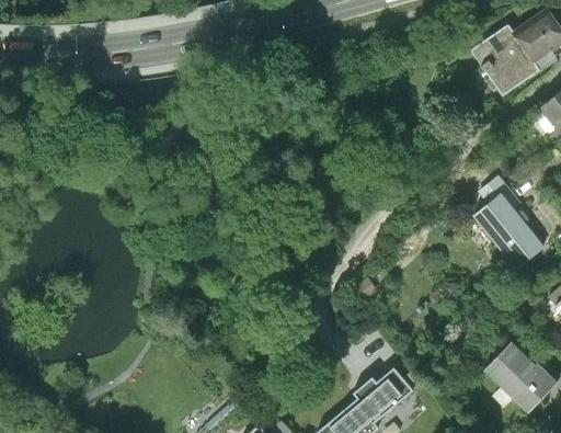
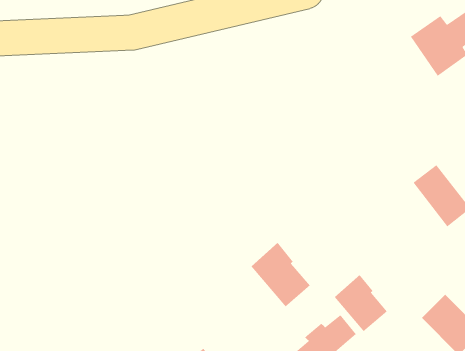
building: none -> [250,242,311,307]
building: none -> [334,274,388,332]

